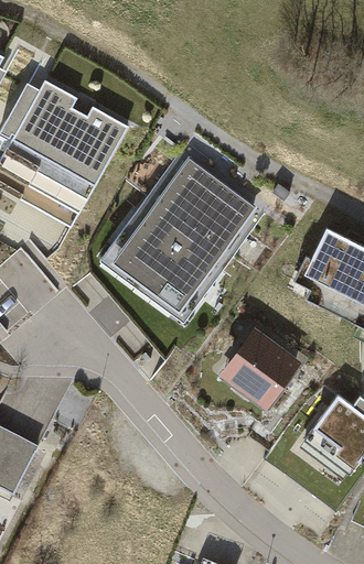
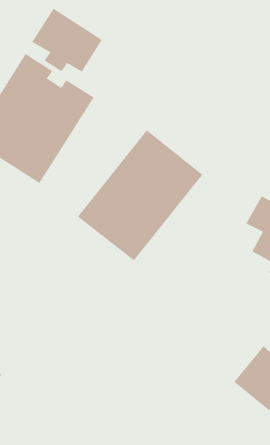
building: none -> [31,8,103,73]
building: [222,327,302,406] -> none

